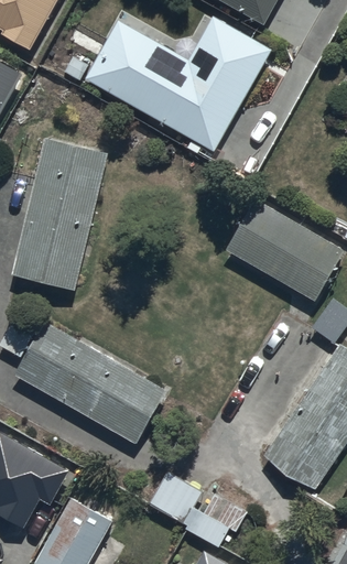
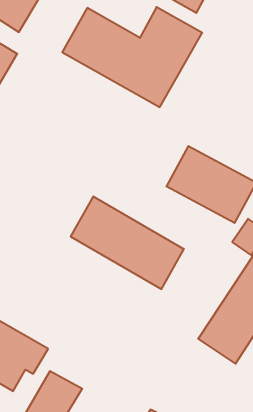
building: [12,140,107,291] -> none
building: [14,322,164,444] -> [71,197,184,289]
building: [149,470,243,546] -> none

